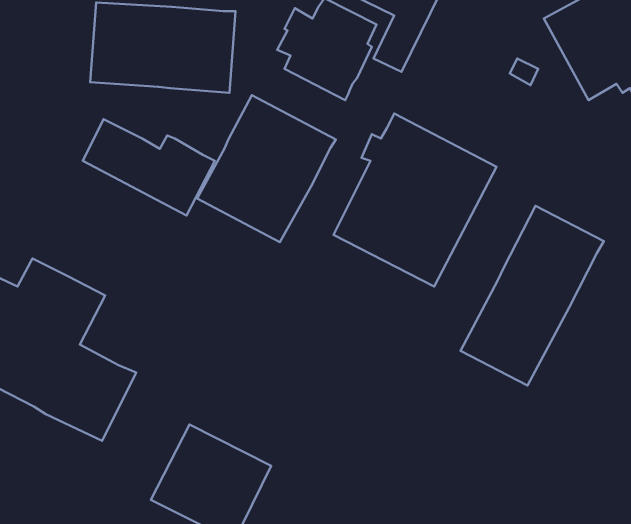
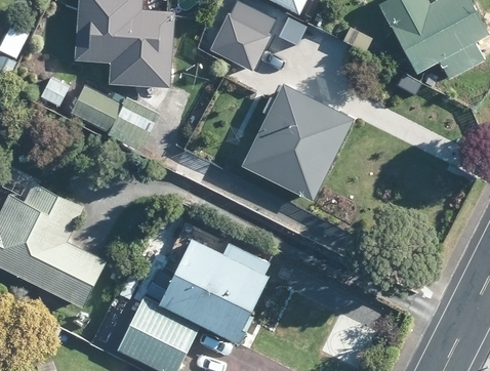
building: [197,95,336,242] -> none
building: [461,206,604,386] -> none
building: none -> [144,236,270,343]

